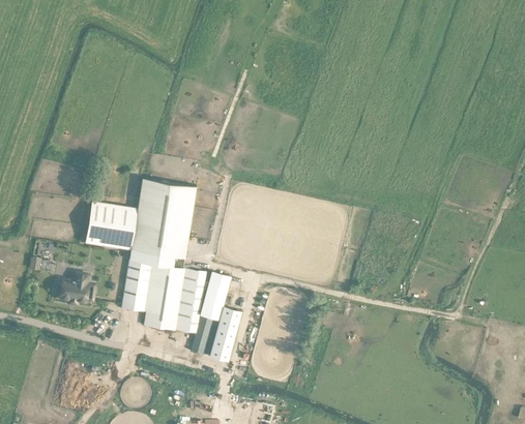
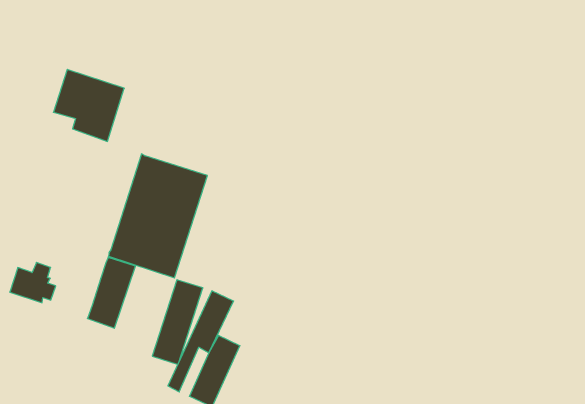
building: [86,201,137,250] -> [53,69,124,141]
building: [143,264,184,330] -> none

